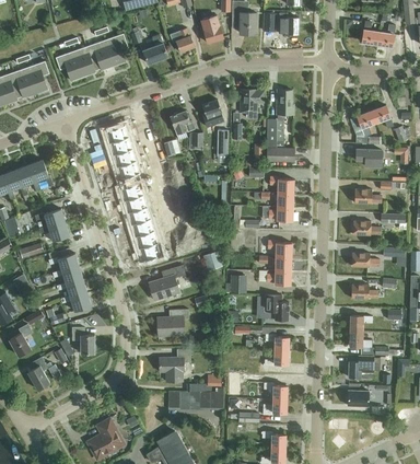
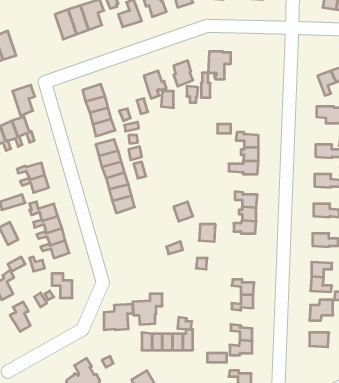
building: [55,50,84,81] -> none
building: [25,61,49,94] -> [12,85,35,116]
building: [266,90,294,161] -> none
building: [149,265,185,300] -> none
building: [264,294,289,320] -> none
building: [158,309,189,336] -> [104,304,134,330]

